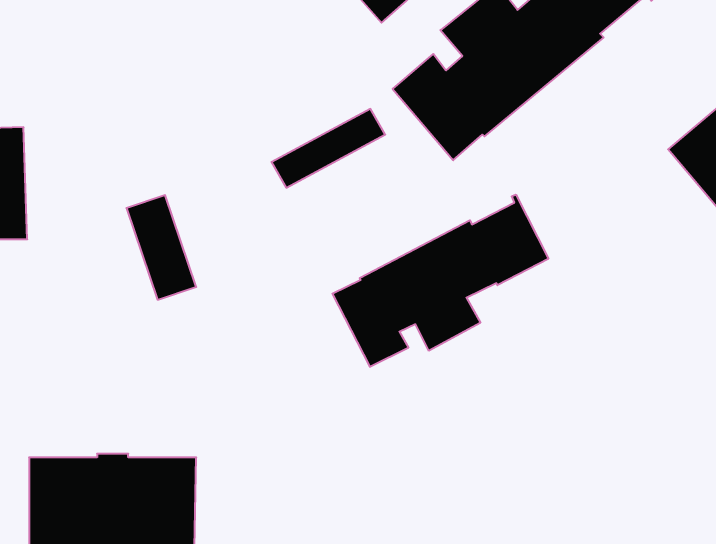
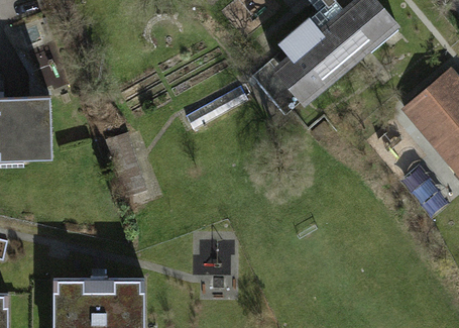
building: [332,195,548,367] -> none

